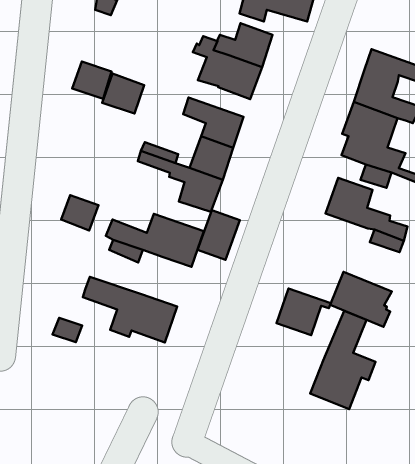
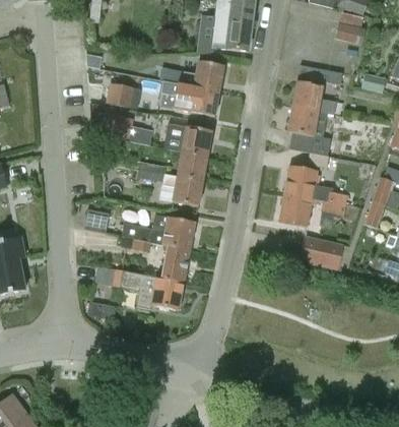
building: [72,62,111,99] -> [105,82,132,108]
building: [197,210,240,260] -> [161,245,190,281]
building: [276,289,331,335] -> [279,193,318,226]
building: [310,311,376,409] -> none

